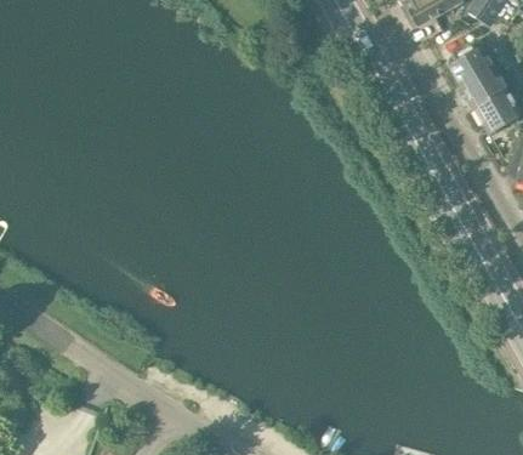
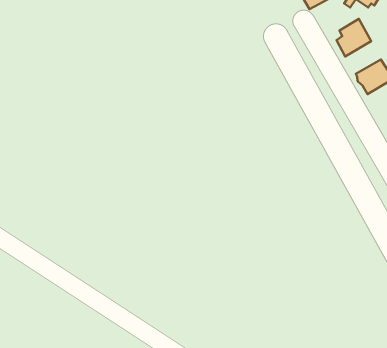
building: [464,66,508,107] -> none

